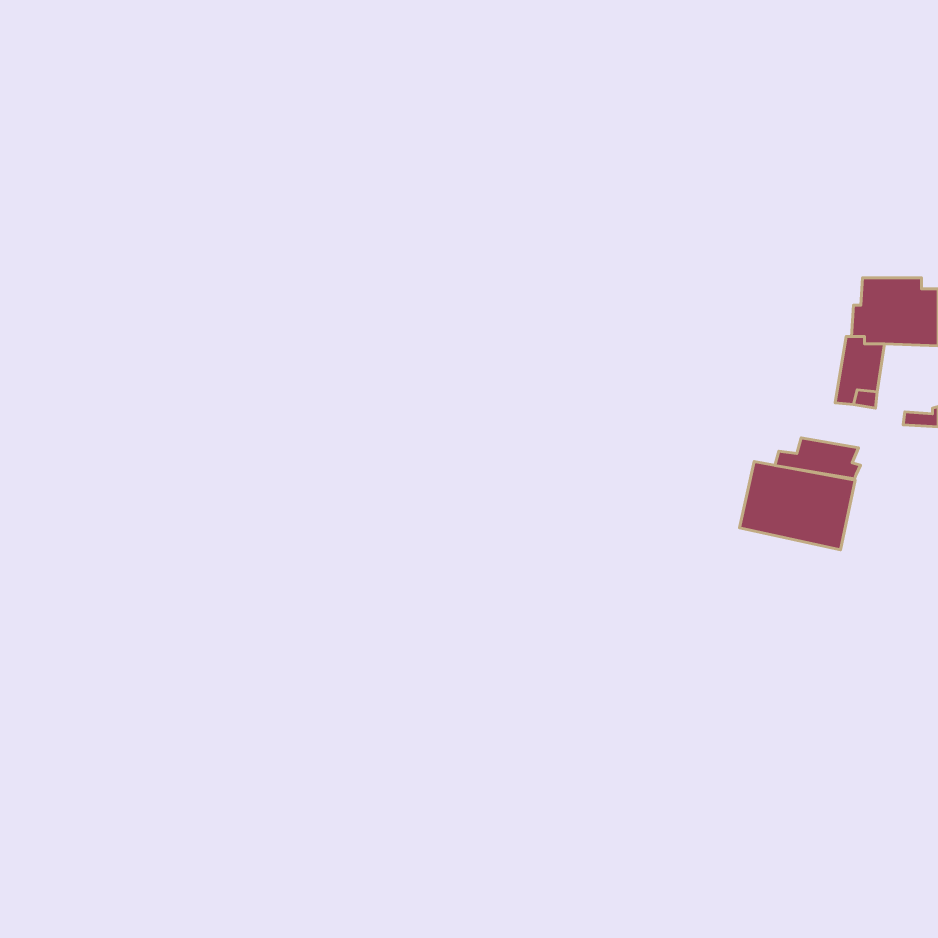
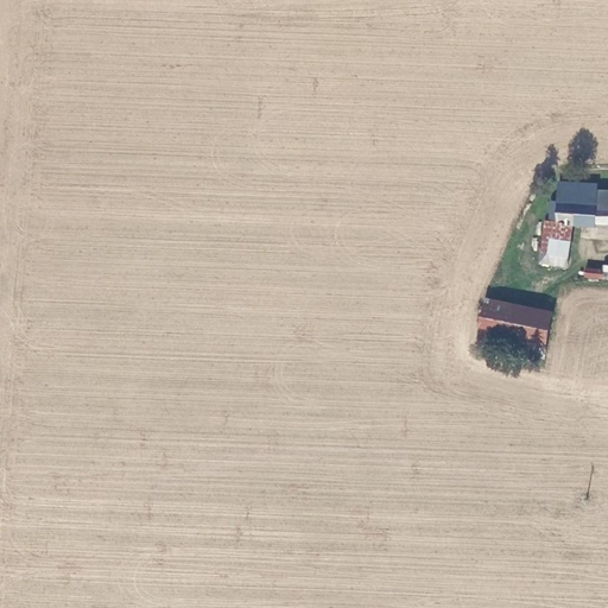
building: [775,438,860,479] -> none

